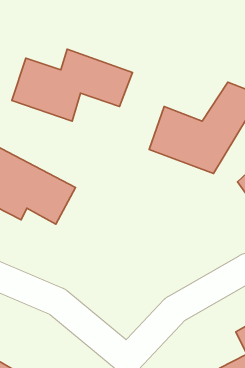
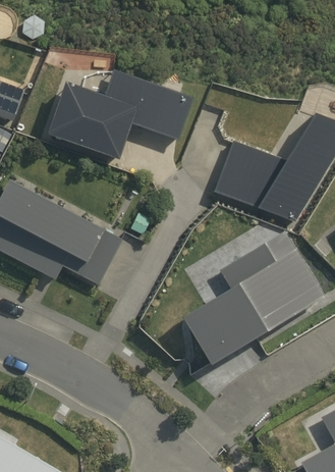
building: none -> [180,231,325,365]

